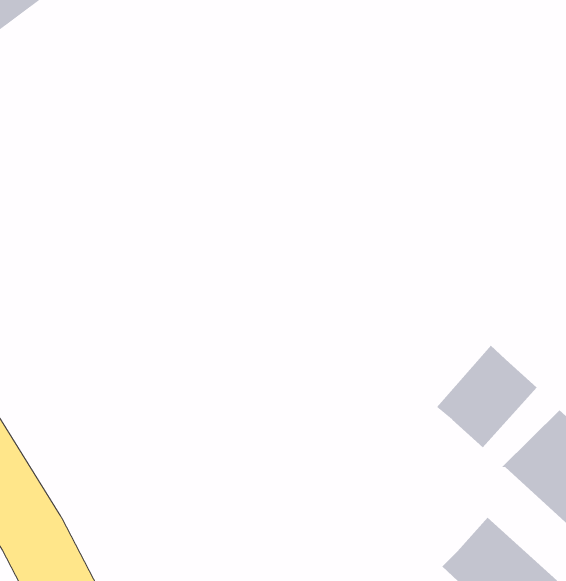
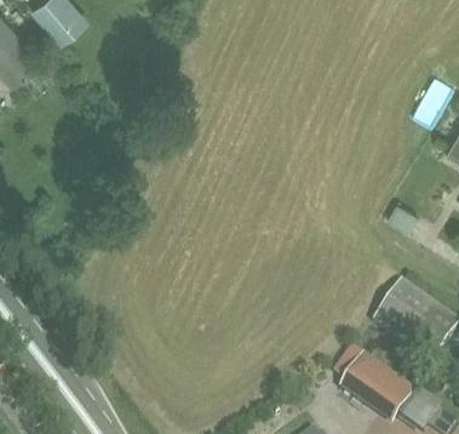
building: [436,345,538,448] -> none

